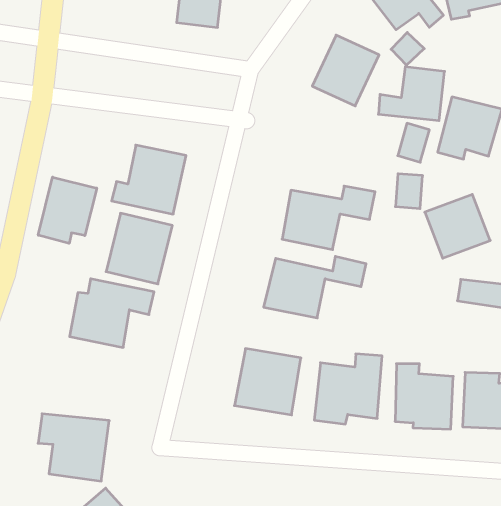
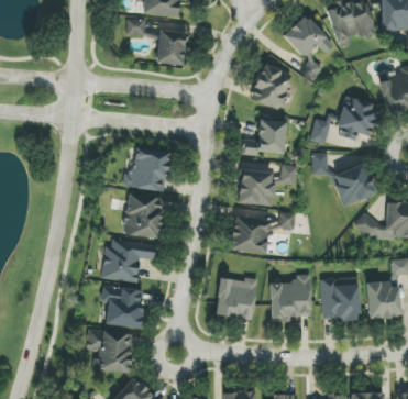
building: [378,67,445,121] -> [244,120,286,154]
building: [38,177,97,243] -> none
building: none -> [102,286,145,328]

